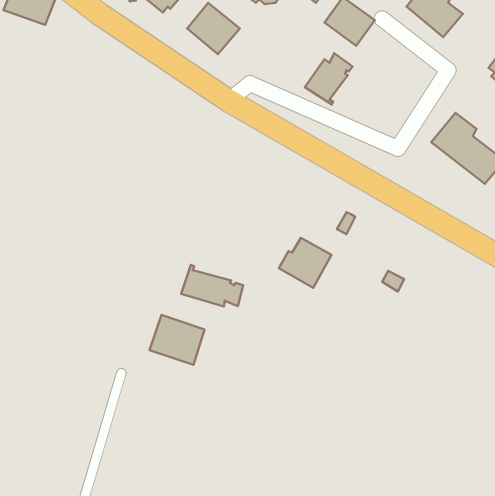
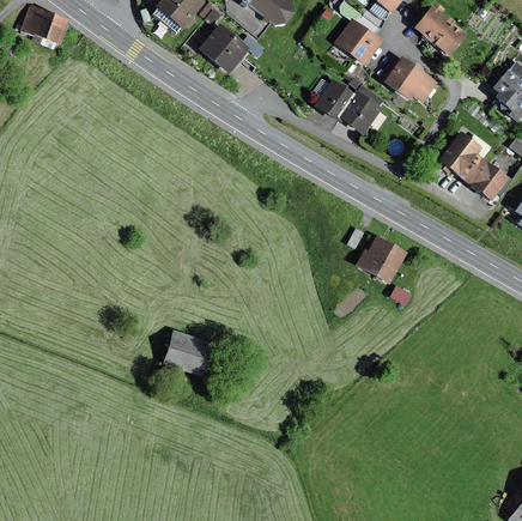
building: none -> [378,55,438,102]
building: none -> [339,85,384,134]
building: [279,238,331,288] -> [356,235,407,284]
building: [181,265,243,307] -> none

